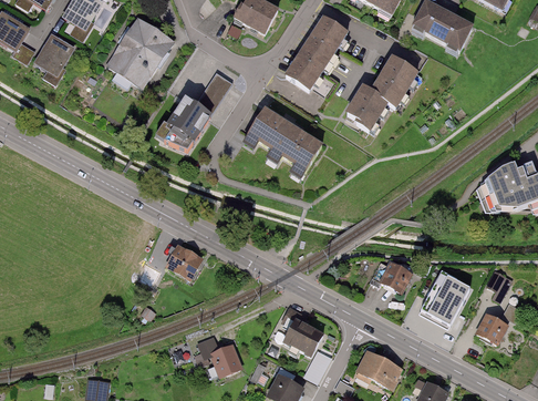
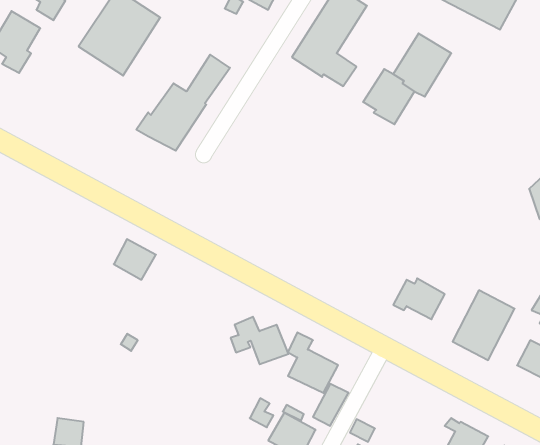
building: [241,106,323,181] -> none
building: [164,247,199,281] -> [114,239,156,280]
building: [194,337,242,377] -> [231,317,289,364]
building: [355,349,403,390] -> none

